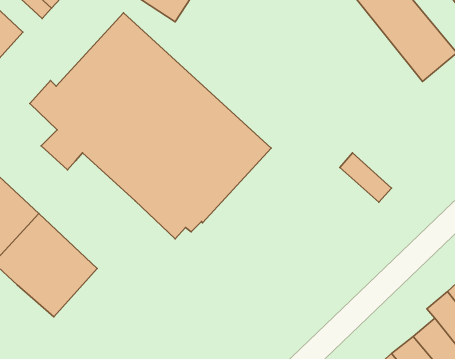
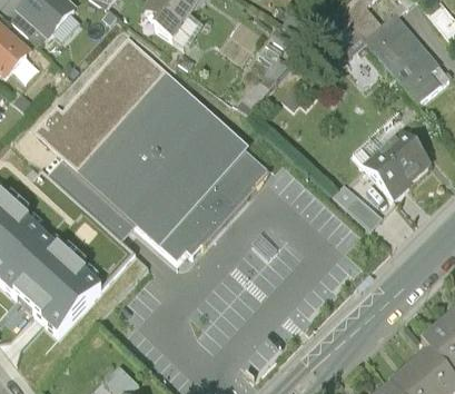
building: none -> [363,131,432,200]
building: none -> [72,171,138,234]

